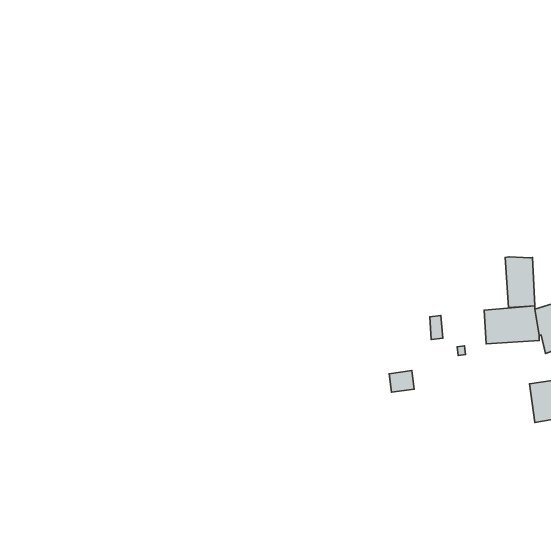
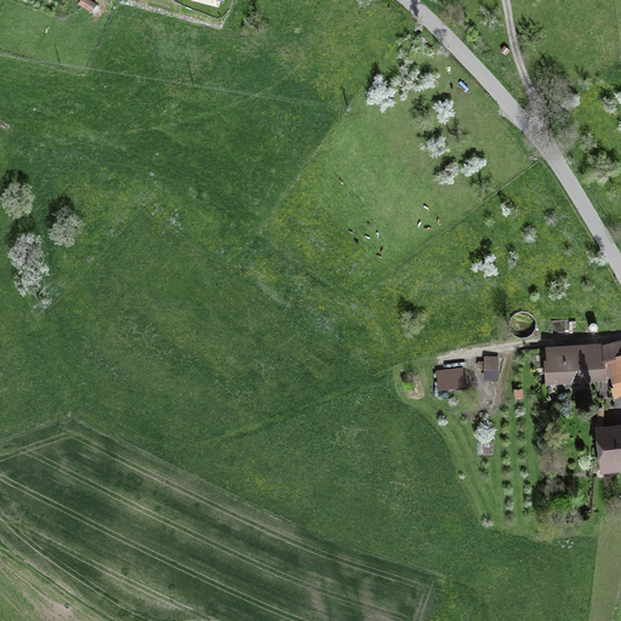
building: [505,257,535,308] -> none
building: [389,371,414,392] -> [437,366,465,391]

